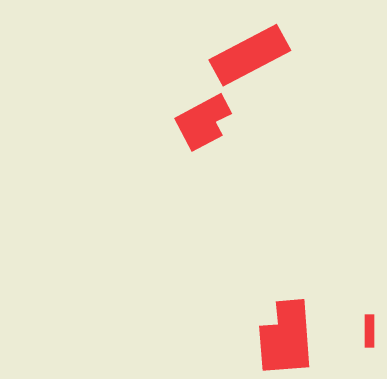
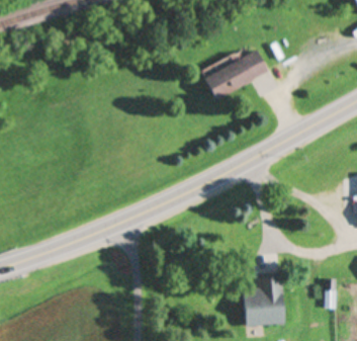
building: [173,92,233,153] -> none

